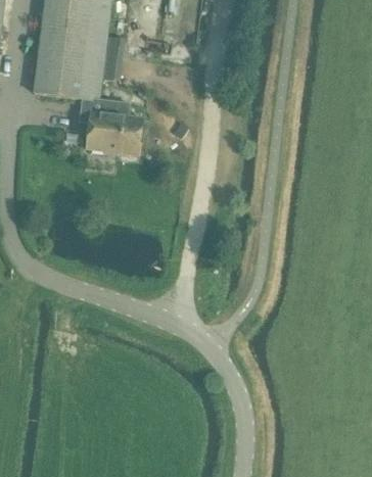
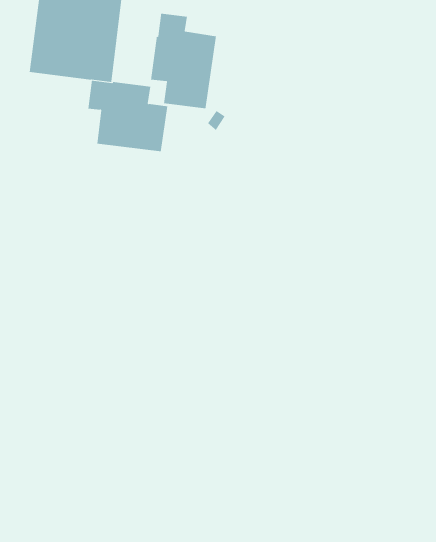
building: none -> [151,13,216,109]

